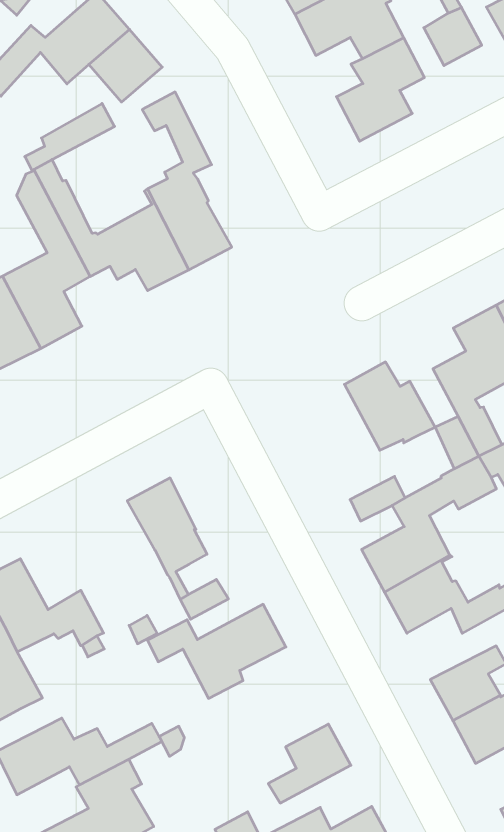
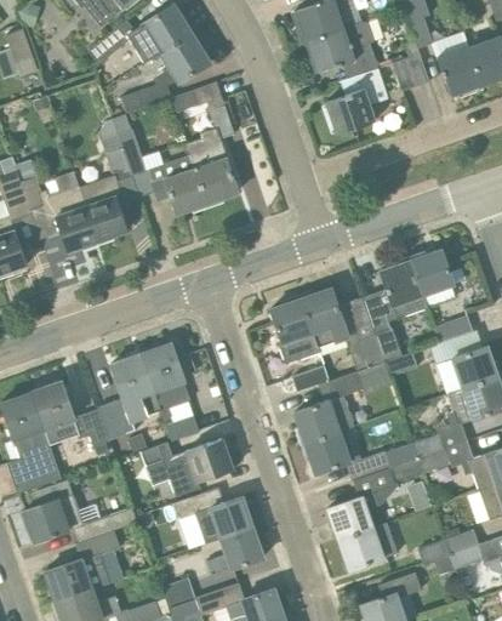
building: none -> [270,298,320,365]
building: none -> [99,354,161,441]
building: none -> [175,492,253,546]

